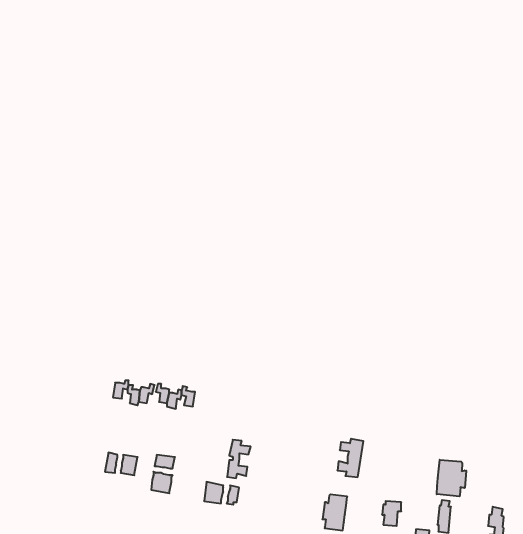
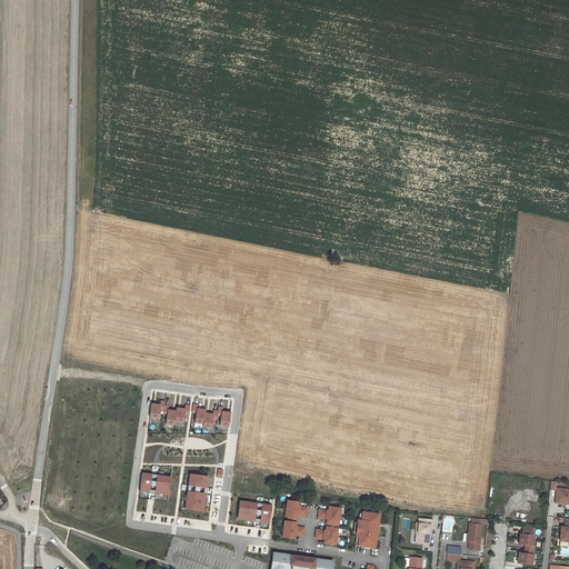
building: [337,439,363,477] -> [315,507,340,545]
building: [227,440,251,478] -> [283,501,307,539]
building: [437,460,466,496] -> none

